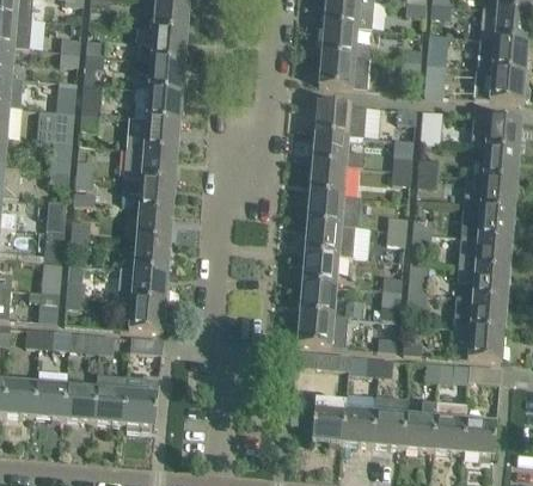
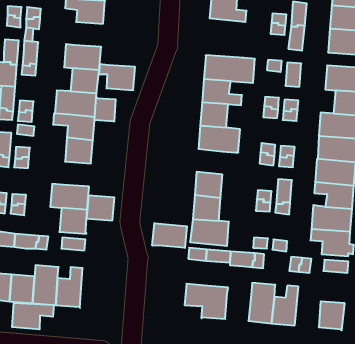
building: [319,53,369,87] -> none
building: [139,56,185,90] -> [99,64,135,90]
building: none -> [94,97,116,122]
building: [306,221,356,256] -> none
building: [134,238,170,270] -> [87,195,114,220]
building: none -> [152,223,187,248]
building: [343,392,378,443] -> none
building: [433,399,467,451] -> none
building: none -> [12,303,54,329]

